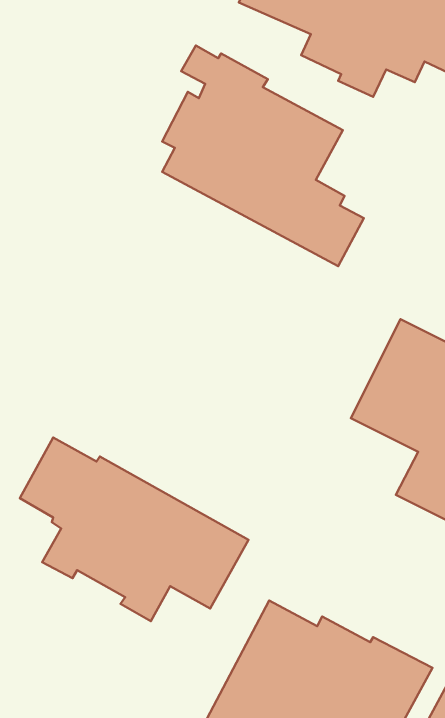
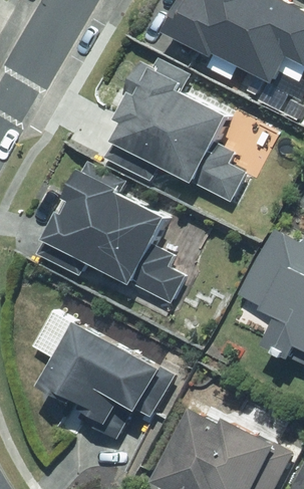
building: none -> [48,168,186,301]

